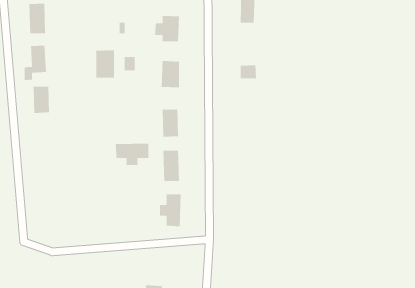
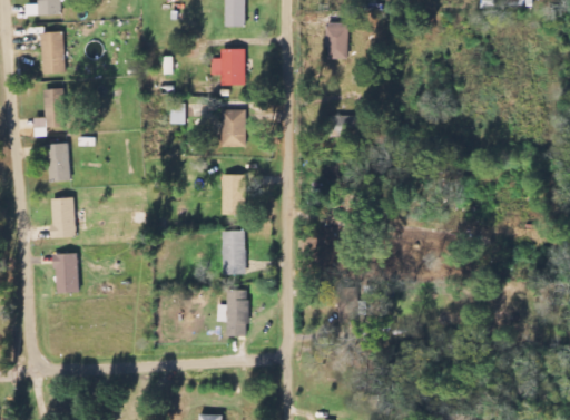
building: [96,50,115,78] -> none
building: none -> [50,198,75,237]
building: [115,143,149,166] -> none
building: none -> [53,253,78,293]

